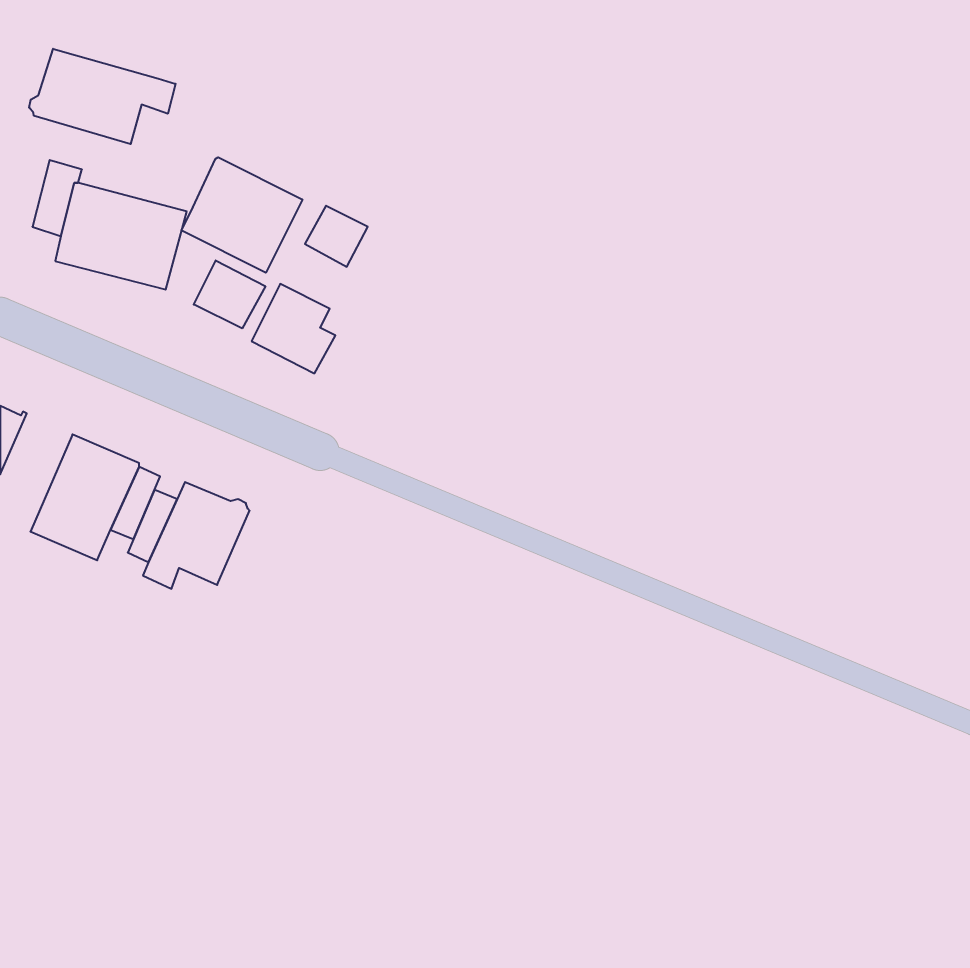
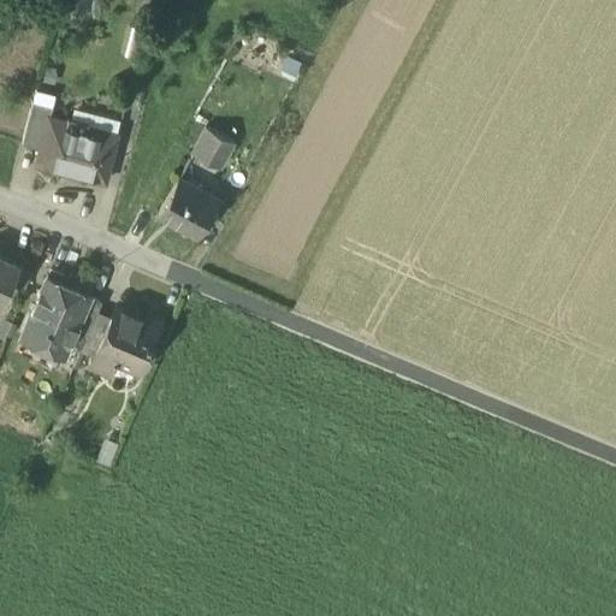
building: [29,49,176,144] -> none
building: [182,157,302,273] -> none
building: [194,260,265,328] -> none

